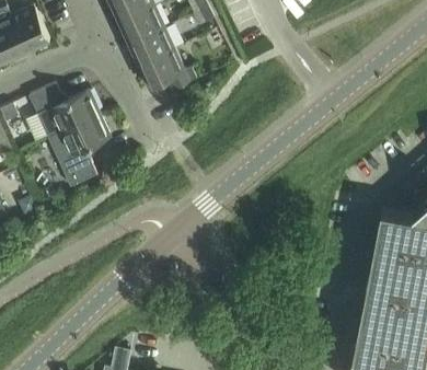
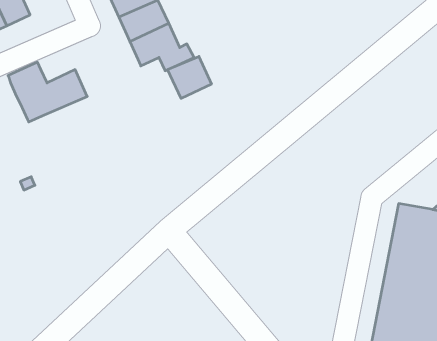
building: none -> [168,56,211,98]
building: [49,115,112,186] -> none

